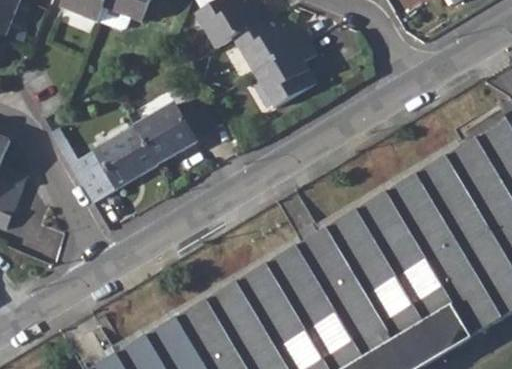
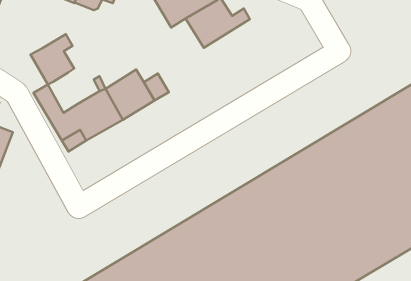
building: [253,43,317,111] -> none
building: none -> [30,34,74,85]

